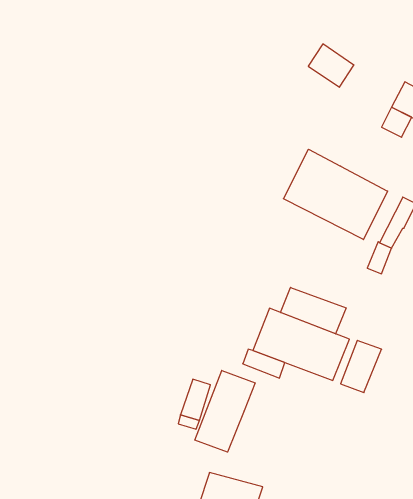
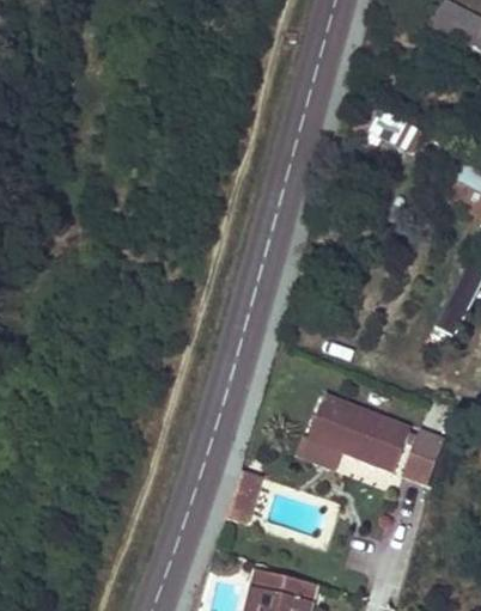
building: [283,149,388,240] -> none
building: [281,287,346,334] -> none
building: [195,370,255,452] -> none

